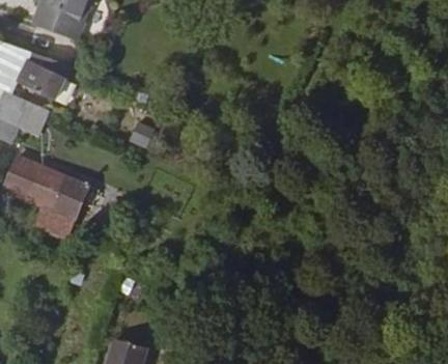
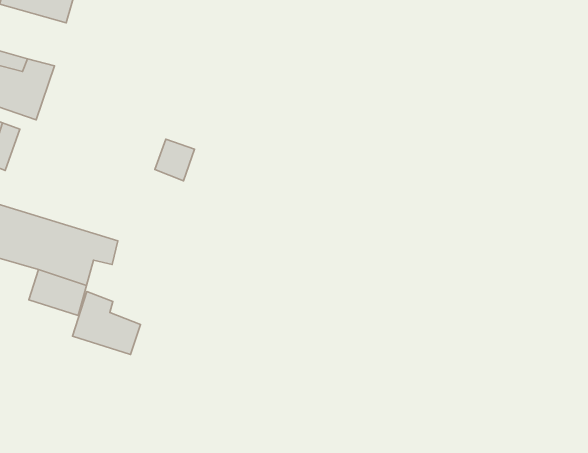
building: none -> [72,291,140,355]

